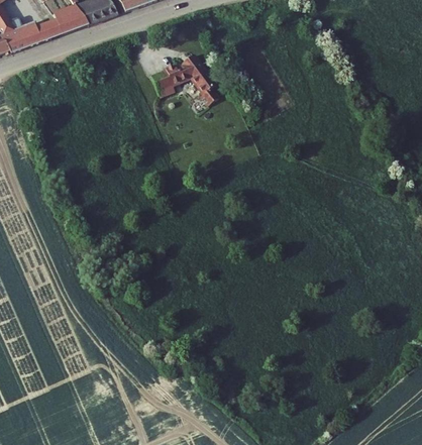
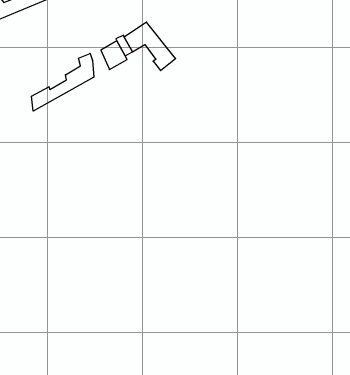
building: none -> [32,53,94,111]

